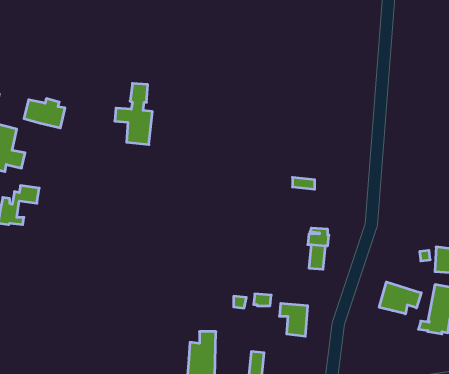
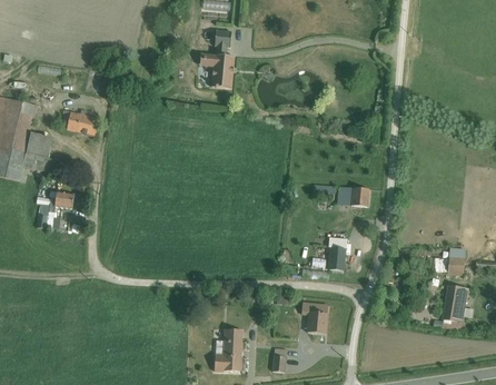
building: [115,83,152,145] -> [200,30,236,88]
building: none -> [337,186,369,207]
building: [379,282,421,314] -> none

